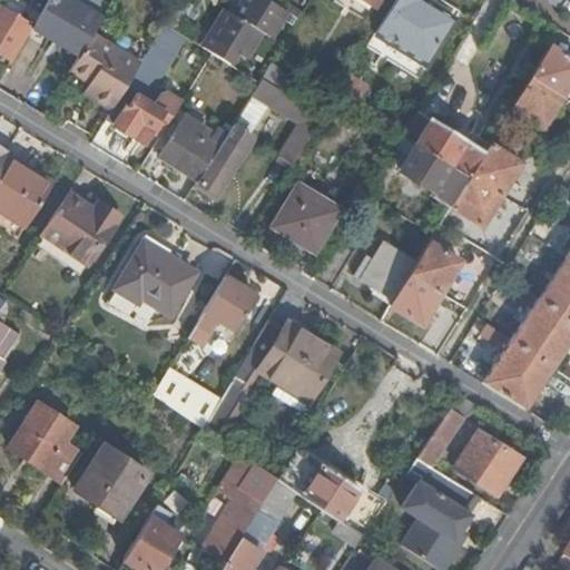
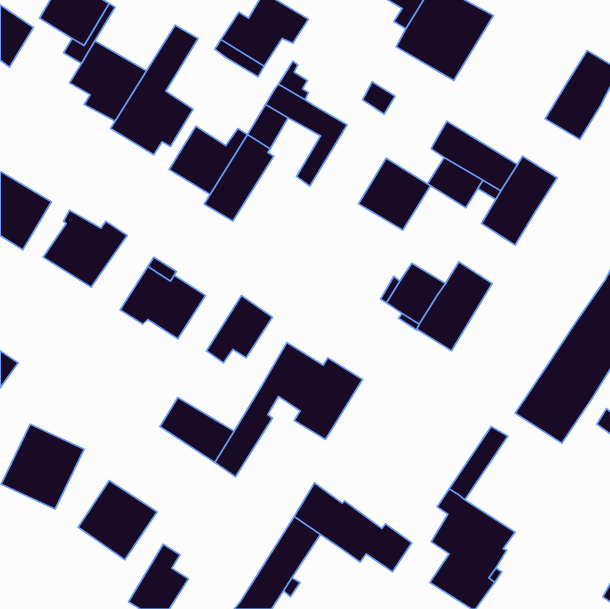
building: [275,185,342,252] -> [359,158,431,230]
building: [454,429,521,493] -> none
building: [204,445,276,558] -> none

